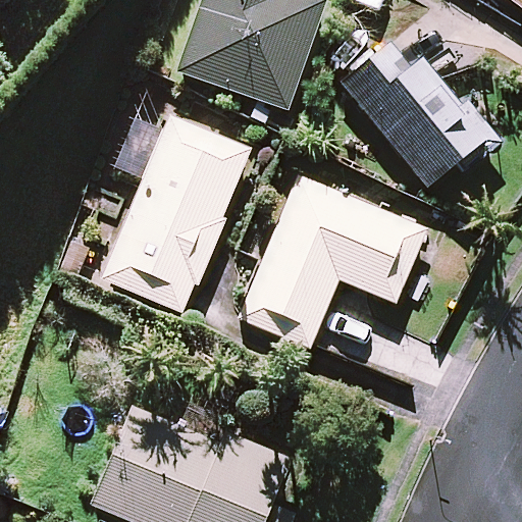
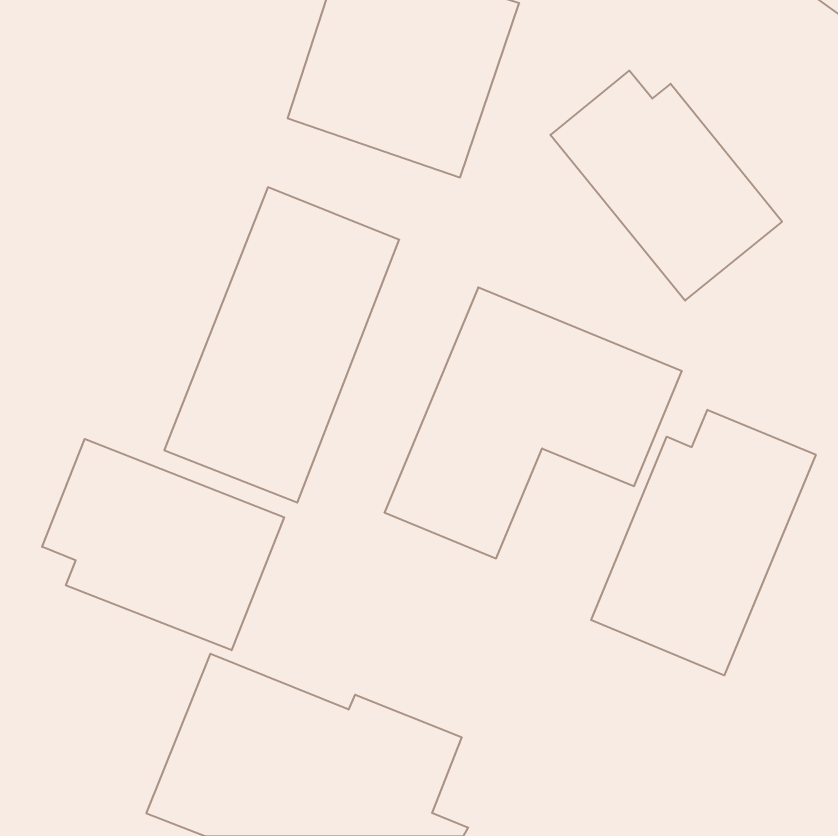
building: none -> [591,410,816,675]
building: none -> [42,439,284,650]

